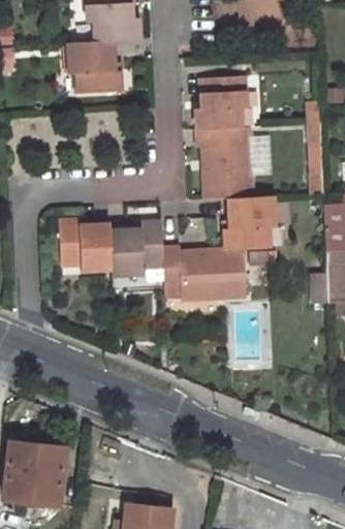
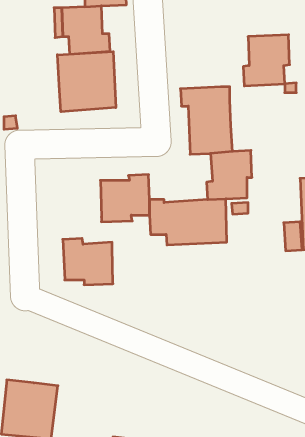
building: [195,75,245,130] -> [243,35,290,86]
building: none -> [57,52,116,112]
building: [58,219,112,269] -> [63,238,113,285]

